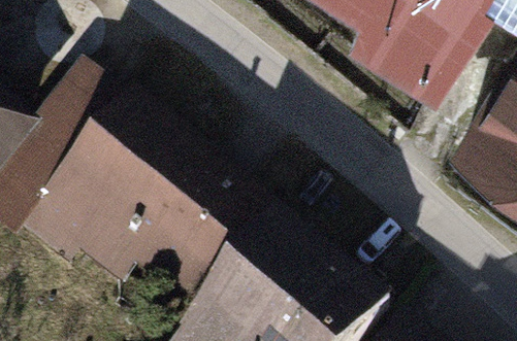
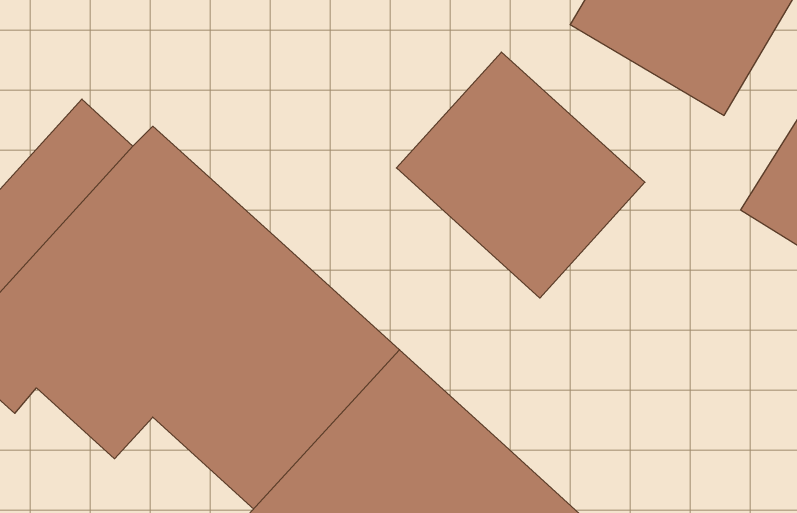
building: none -> [396,52,645,298]

